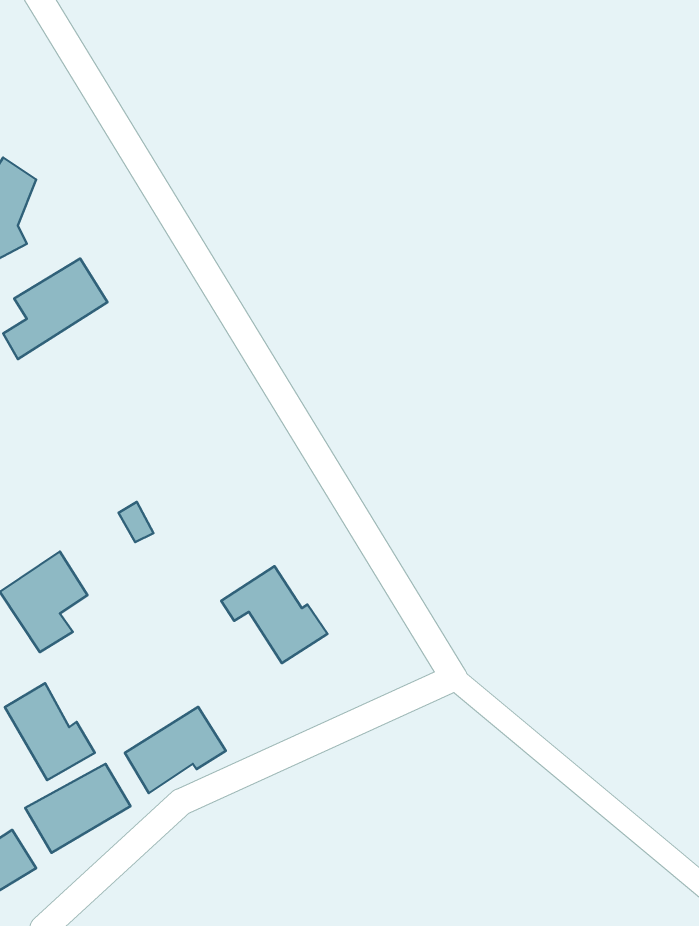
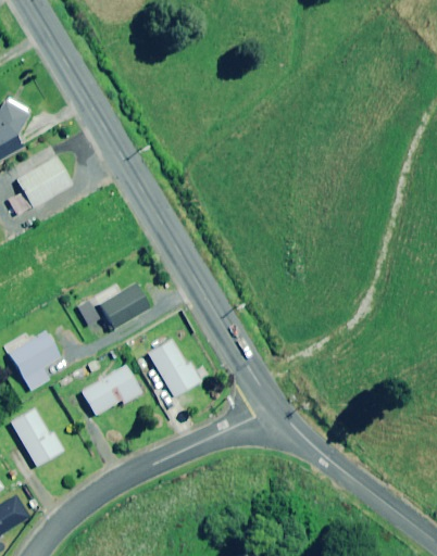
building: none -> [100,285,149,328]
building: [125,707,226,793] -> [82,365,141,416]
building: [25,764,131,853] -> none

